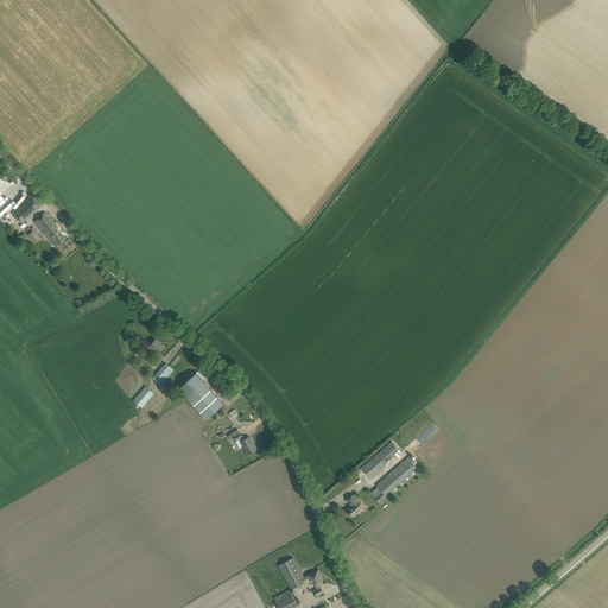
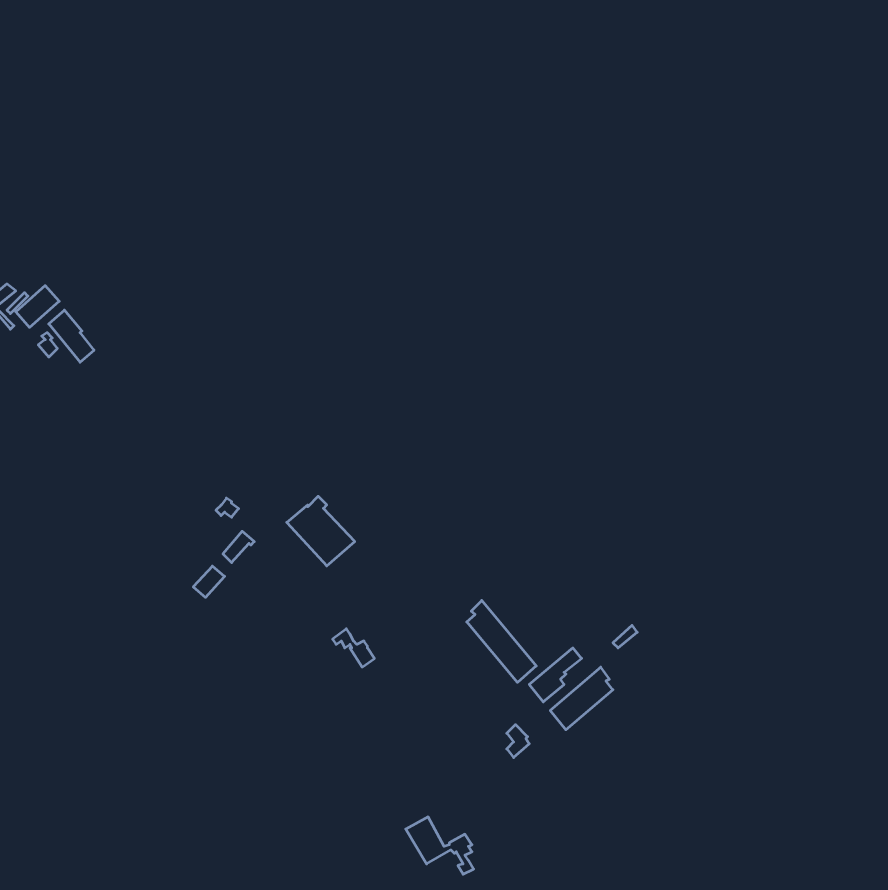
building: [177,372,223,419] -> [287,496,355,566]
building: none -> [467,600,536,682]

